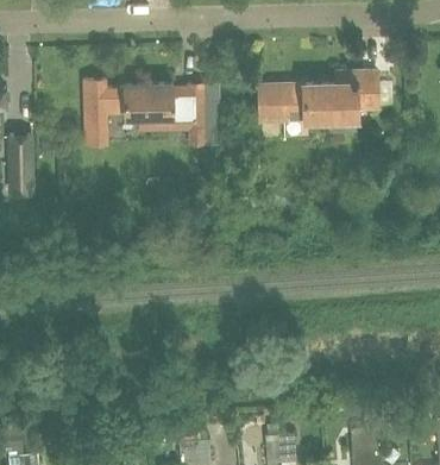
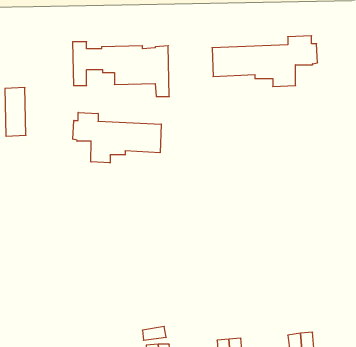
building: none -> [73,112,161,163]

